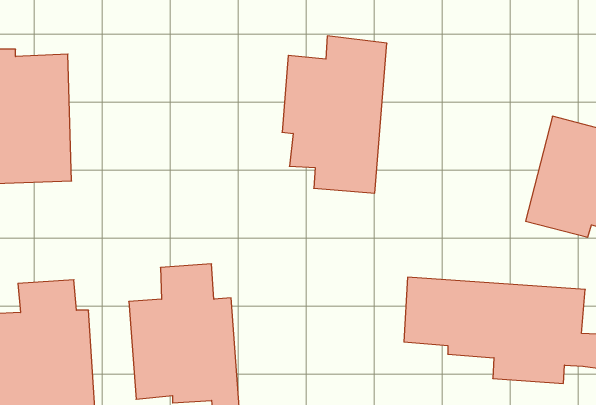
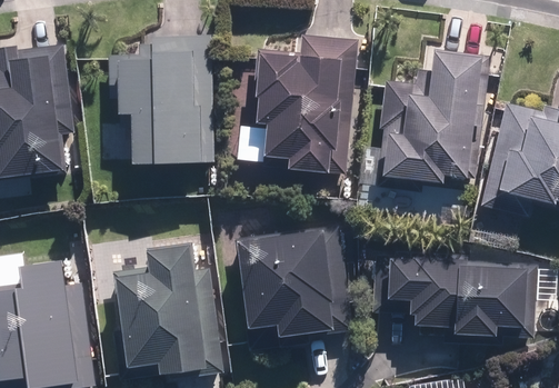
building: none -> [106,32,210,167]
building: none -> [356,54,486,196]
building: none -> [242,231,347,339]

